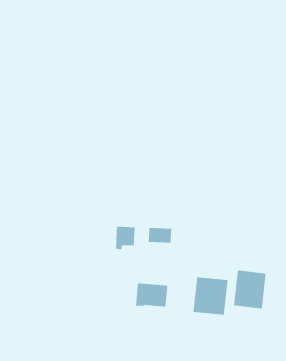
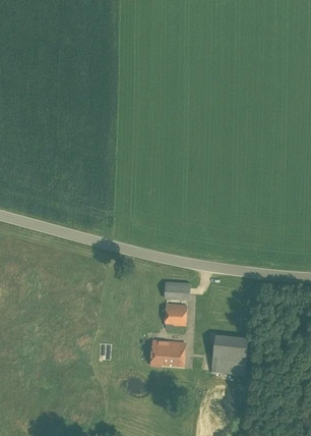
building: [115,226,135,250] -> [165,303,186,328]
building: [233,269,266,309] -> none

